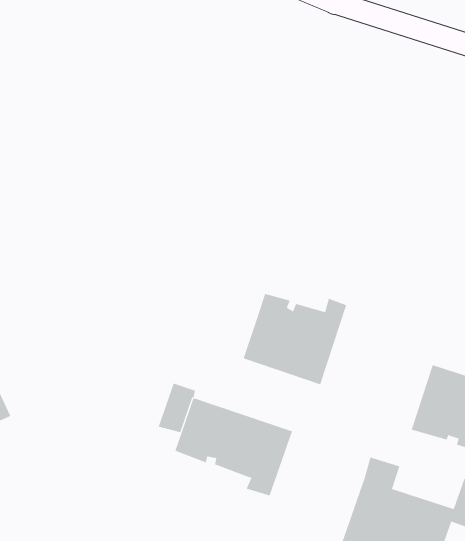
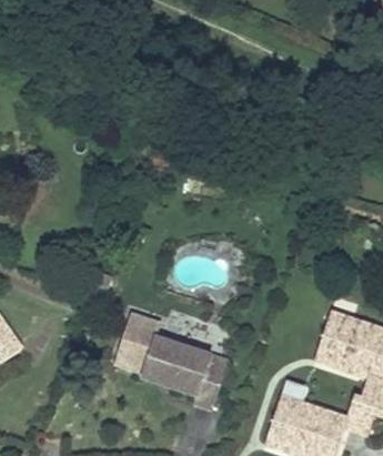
building: [243,293,347,385] -> none

